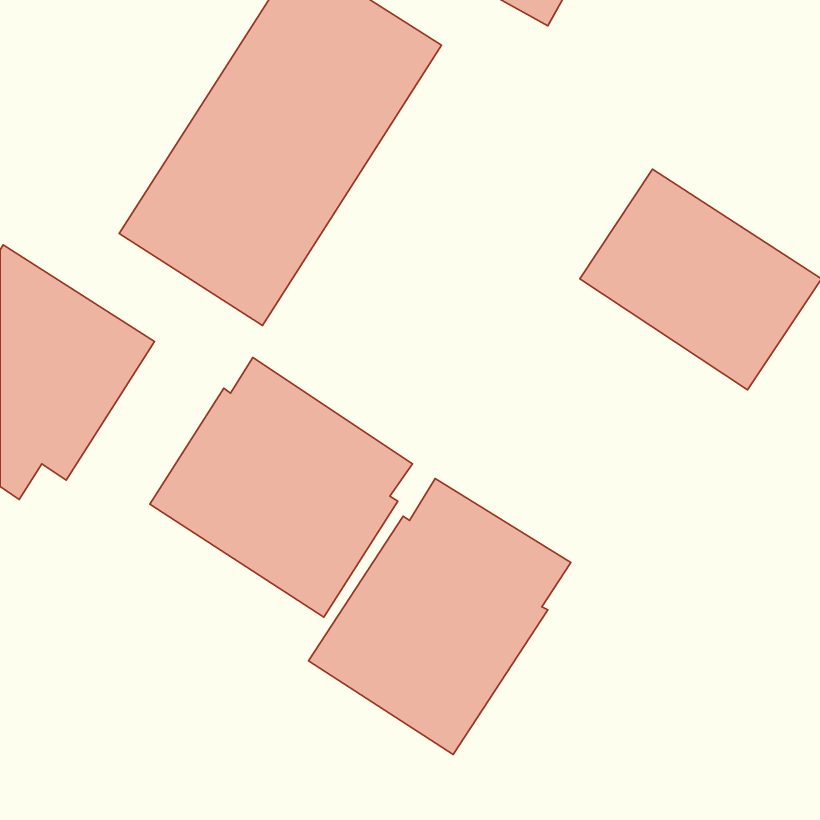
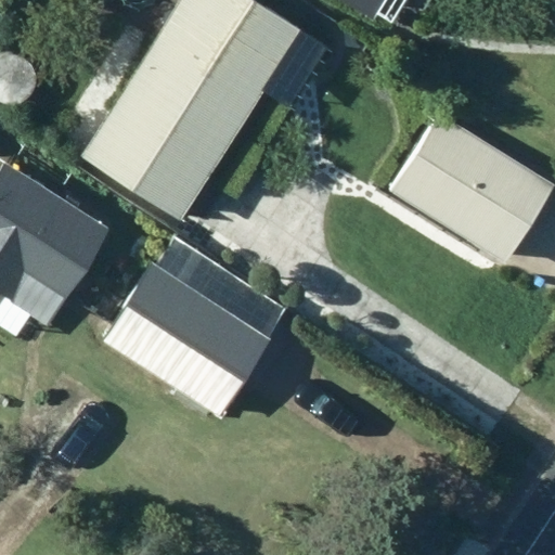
building: [308,478,571,755] -> none

